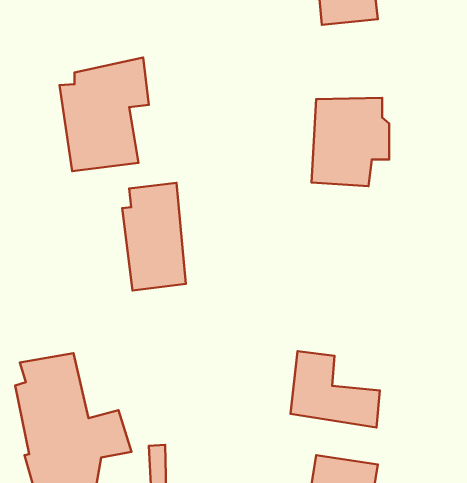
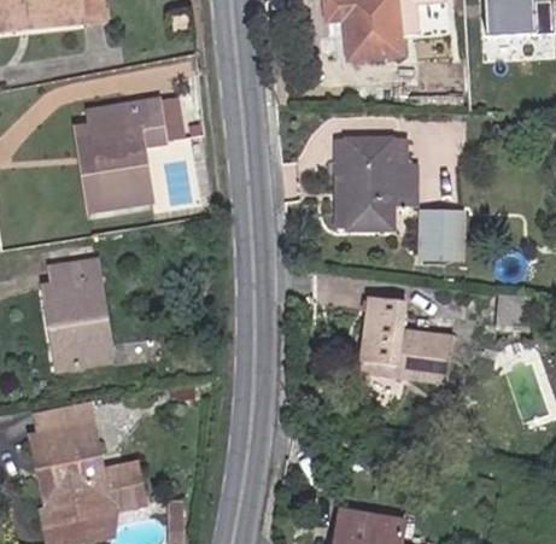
building: none -> [419,211,469,264]
building: [122,183,186,291] -> [42,259,109,372]
building: [290,351,380,428] -> [359,294,452,374]

